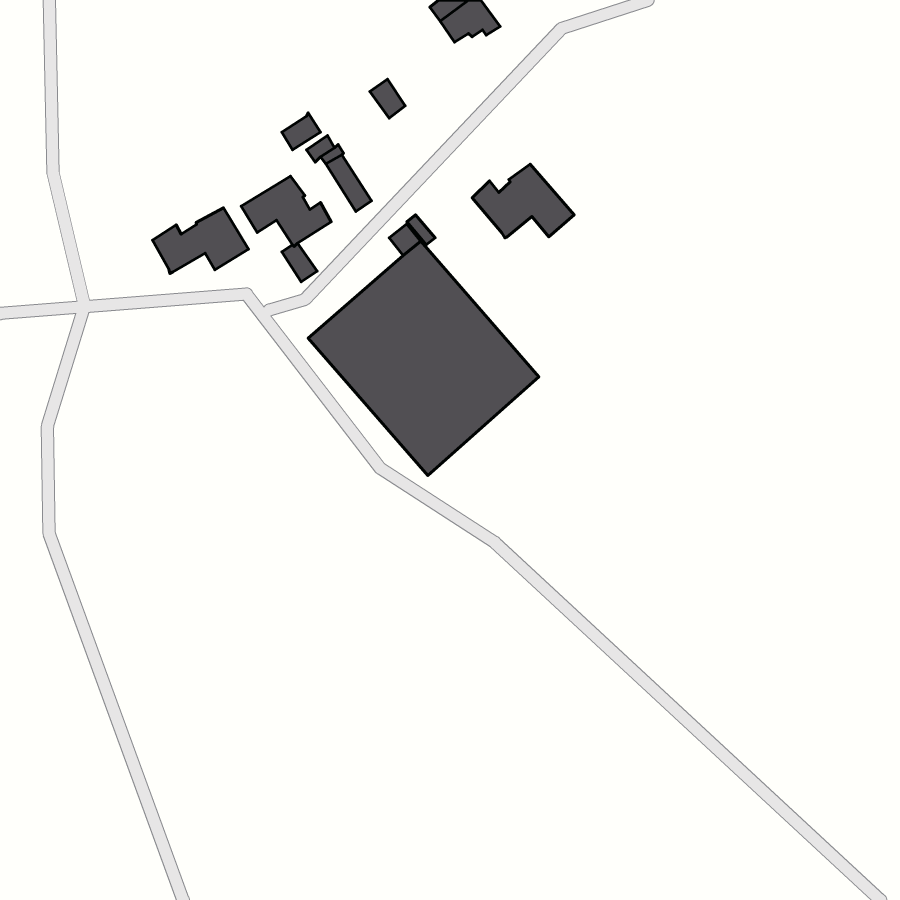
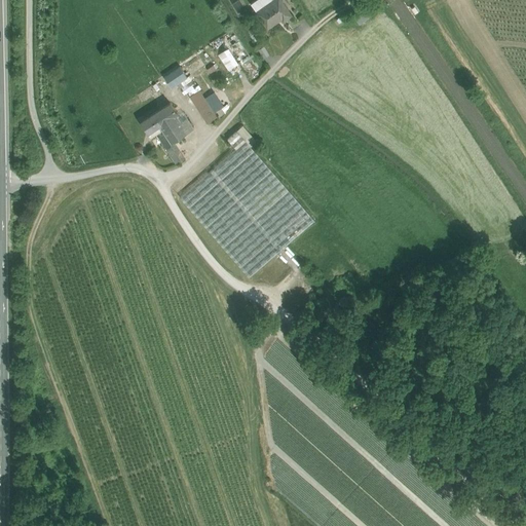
building: [472,164,574,238] -> none
building: [152,208,249,273] -> none

